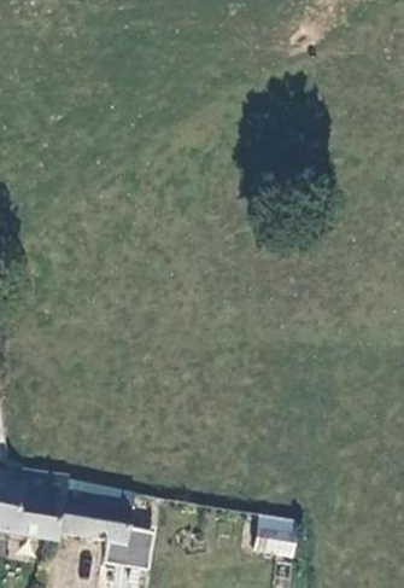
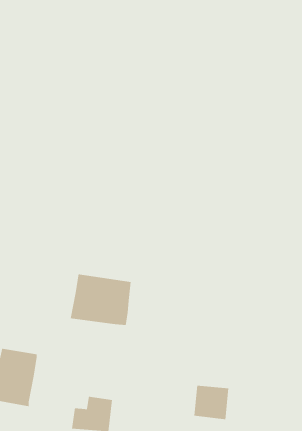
building: [54,481,129,543] -> [70,274,132,325]

